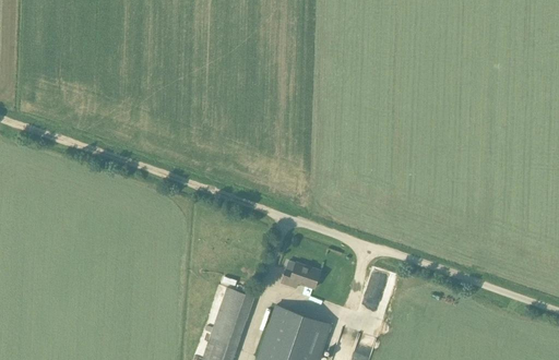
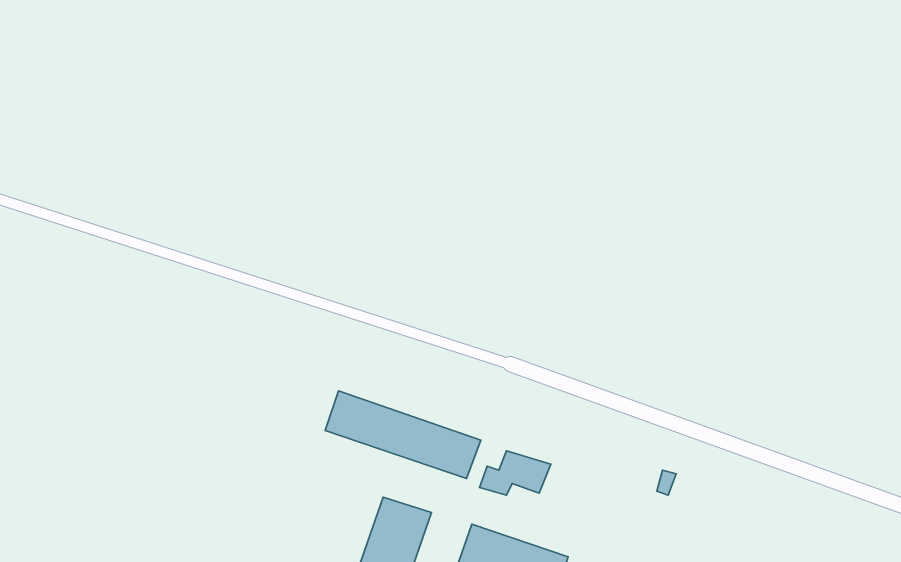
building: none -> [325,391,481,479]

